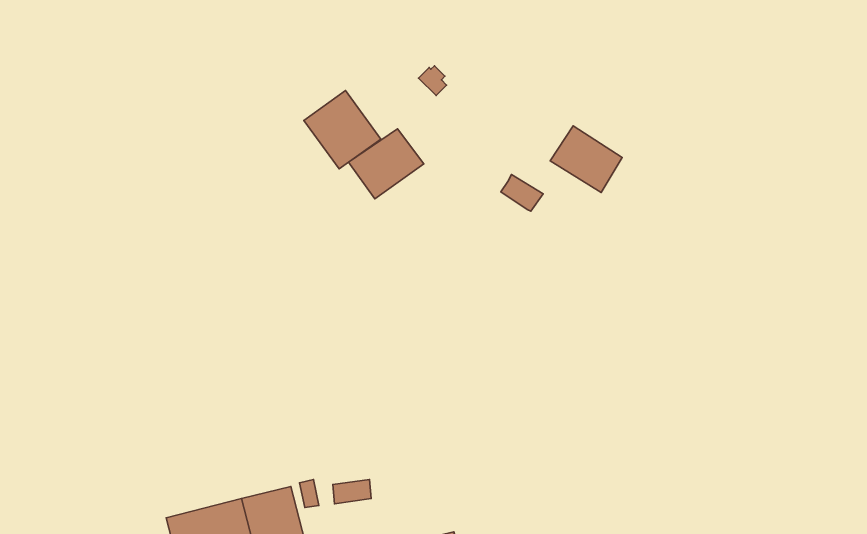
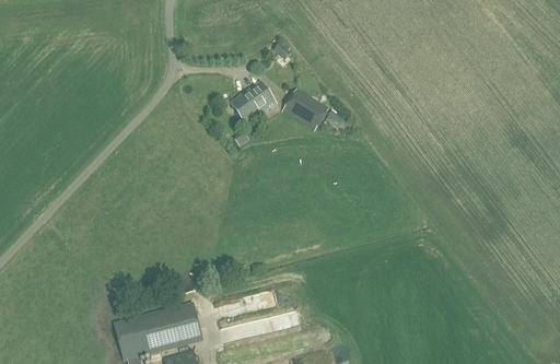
building: [304,91,381,169] -> none
building: [550,126,622,192] -> [282,87,327,129]

